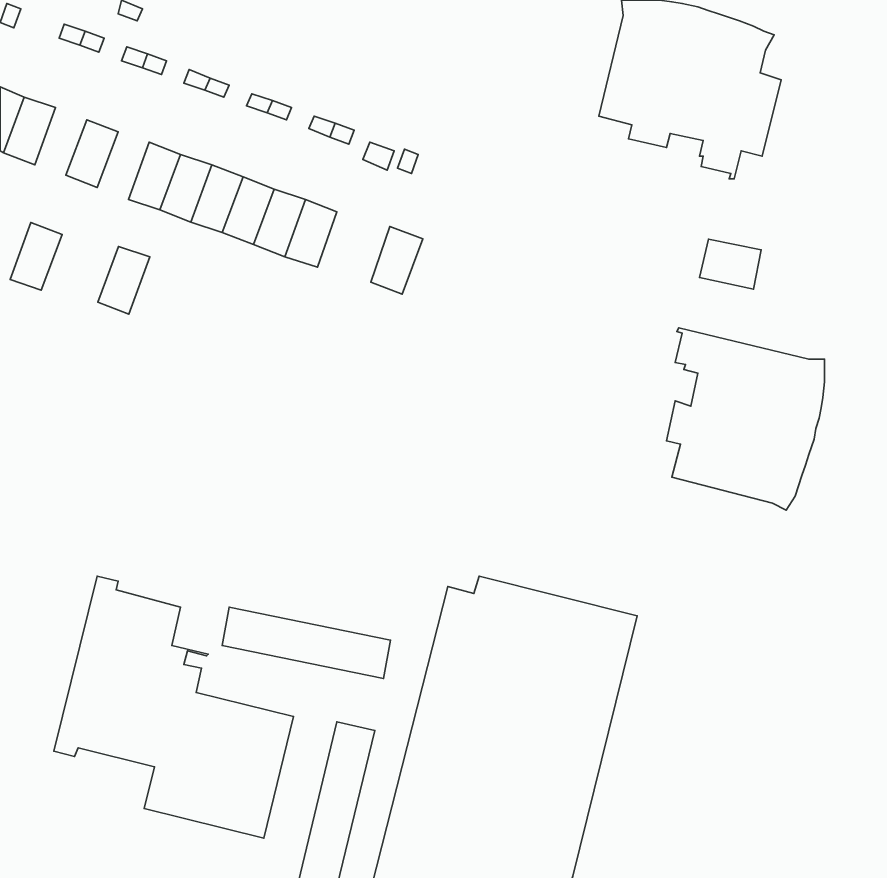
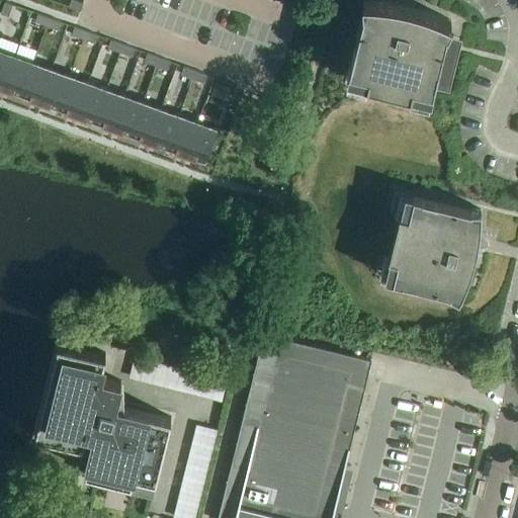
building: [10,222,62,290] -> [20,68,51,107]
building: [371,227,423,294] -> [185,128,215,168]
building: [699,239,761,289] -> none
building: [98,247,150,314] -> [57,82,87,121]

